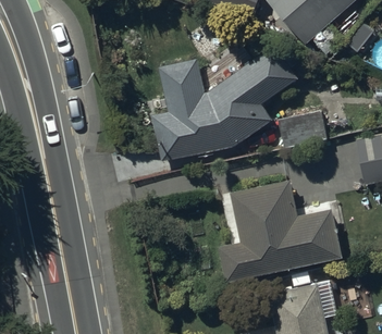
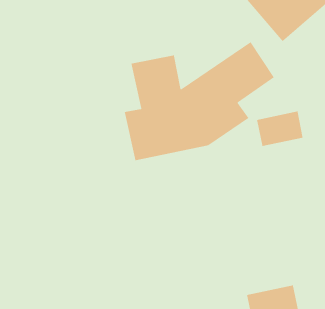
building: [218,180,342,282] -> none

